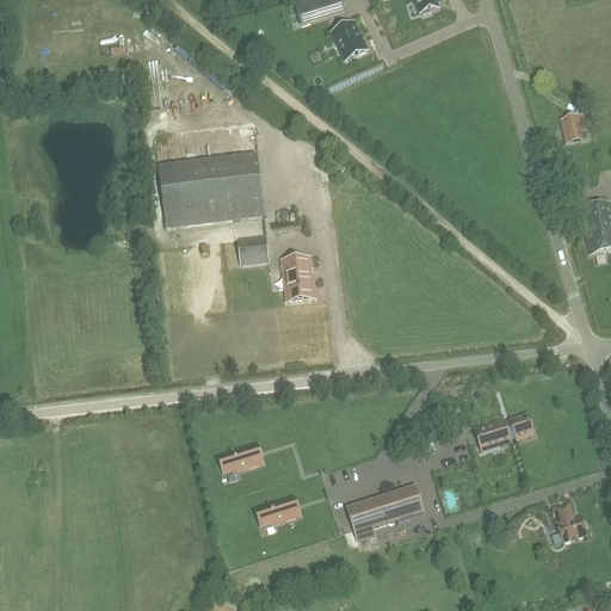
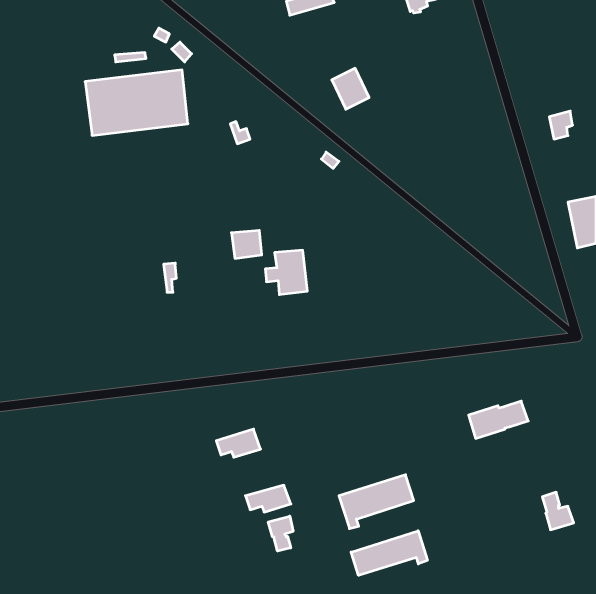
building: [329,19,368,61] -> [332,68,369,109]
building: [159,158,264,224] -> [85,70,188,135]
building: none -> [268,516,293,551]
building: none -> [351,531,427,575]

